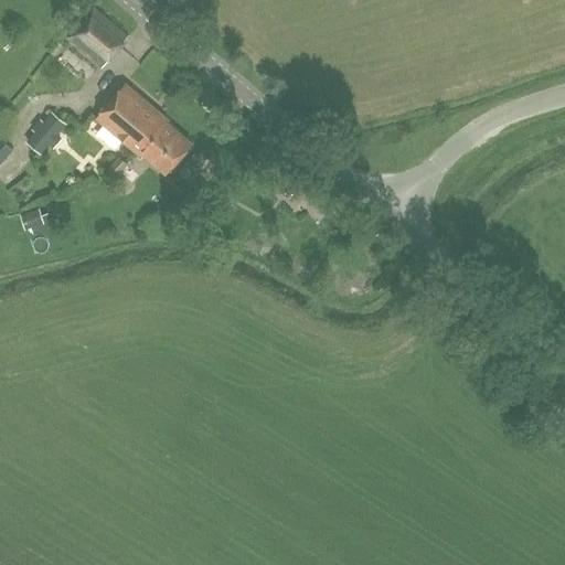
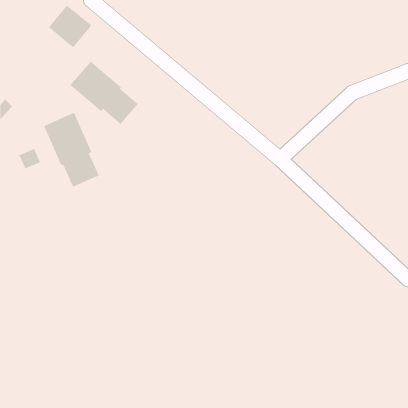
building: [26,114,64,153] -> none
building: none -> [43,112,100,188]

